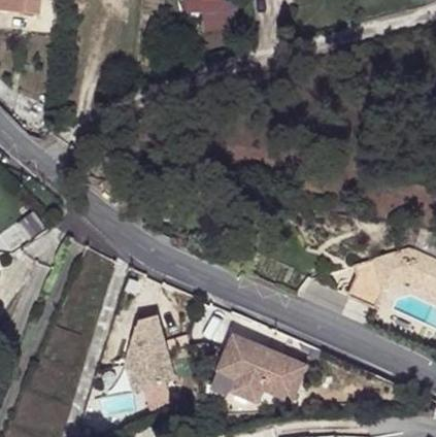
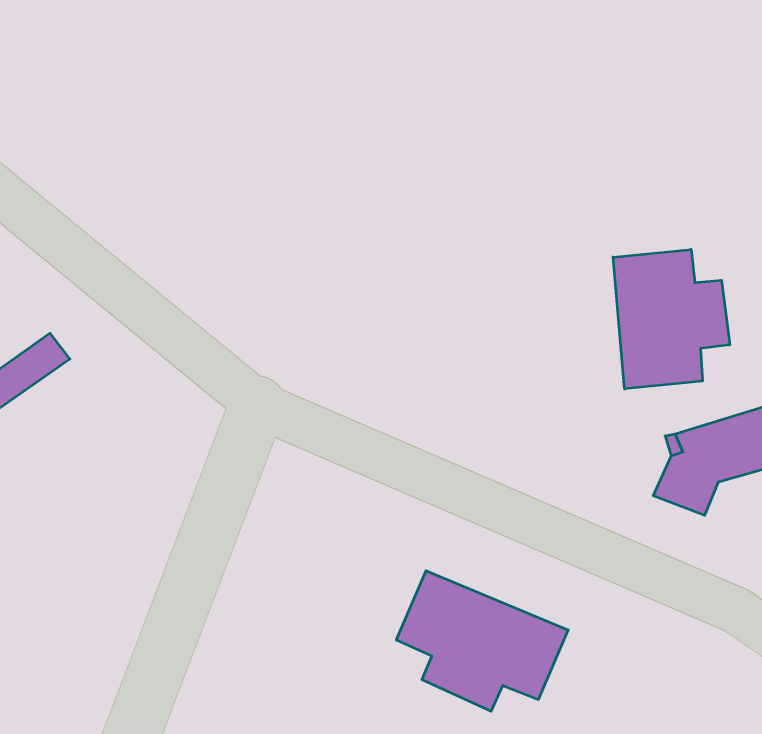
building: none -> [613,249,730,389]
building: [124,313,171,388] -> none

